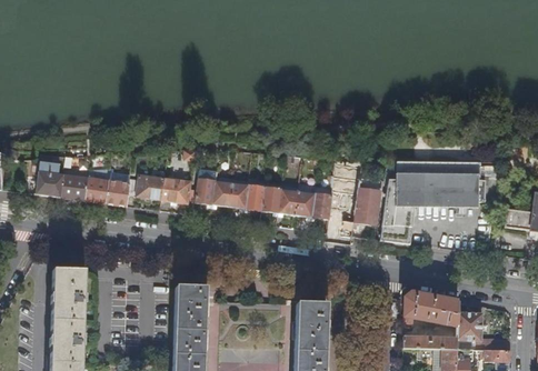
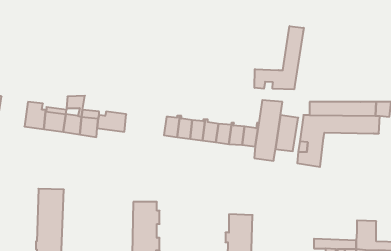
building: none -> [255,26,304,89]
building: [196,169,220,204] -> none
building: [163,178,191,203] -> none
building: [404,292,458,327] -> none

